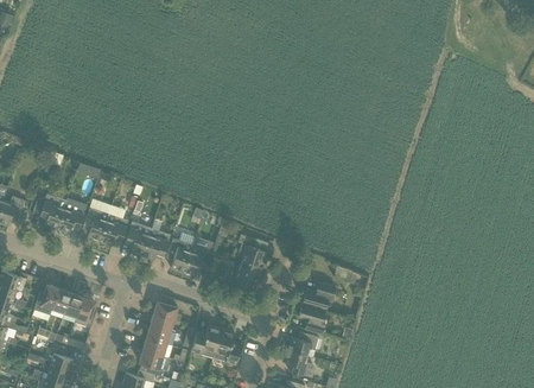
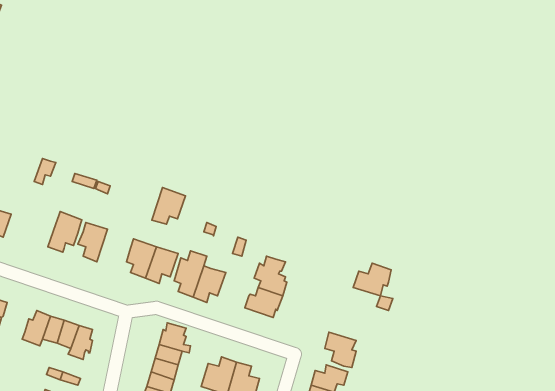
building: [32,193,65,228] -> none
building: [98,212,128,244] -> [152,188,186,224]
building: [301,281,335,310] -> [353,263,391,296]

